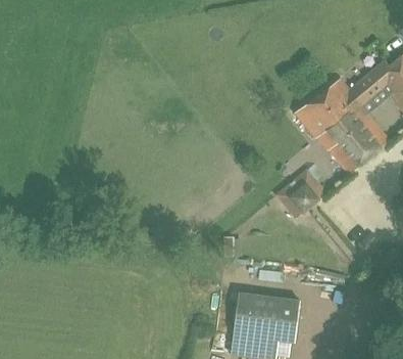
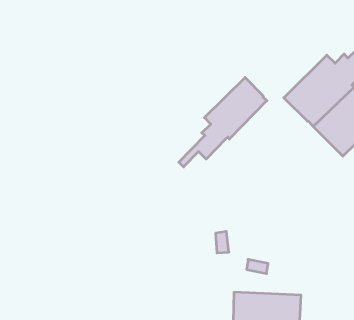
building: none -> [179,77,267,167]
building: [274,169,326,221] -> none

